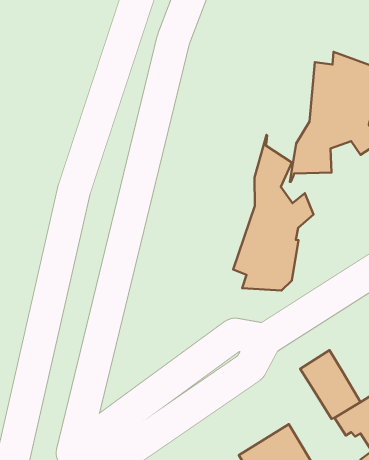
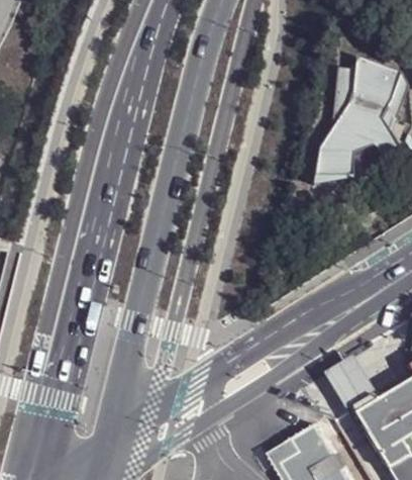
building: [233,135,314,290] -> none

